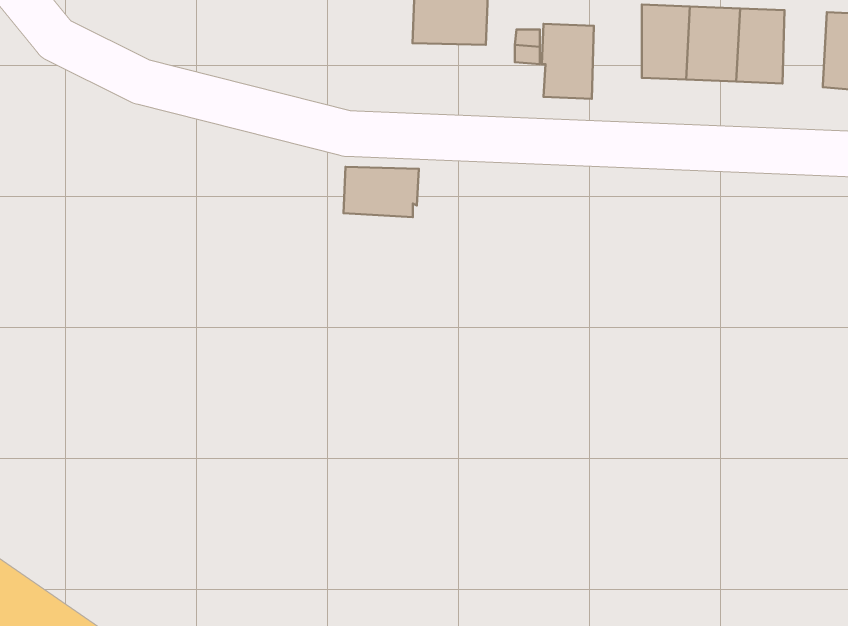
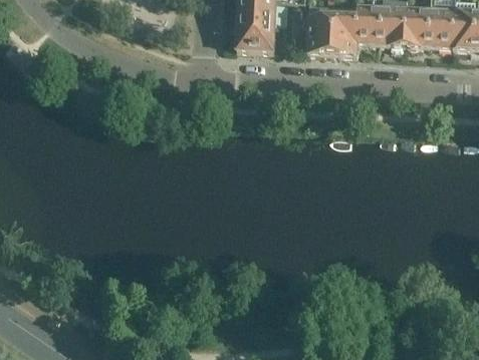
building: none -> [431,7,454,46]
building: none -> [331,15,357,54]
building: [344,167,419,217] -> [237,24,276,50]

